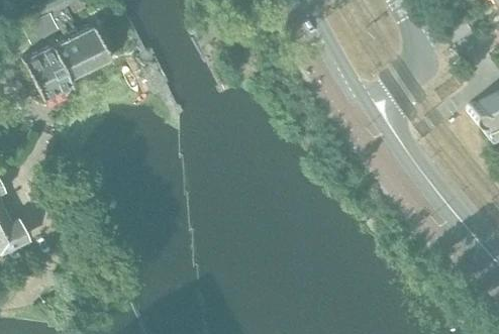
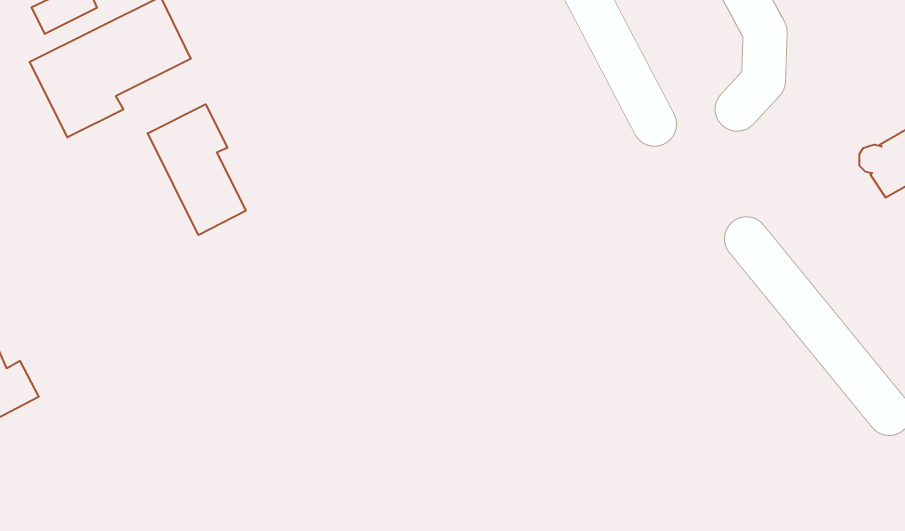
building: none -> [148,104,246,235]

